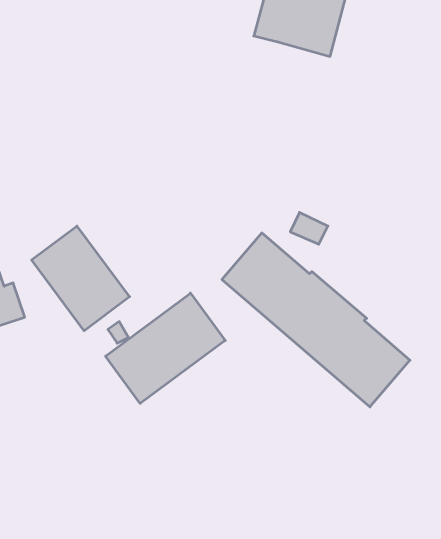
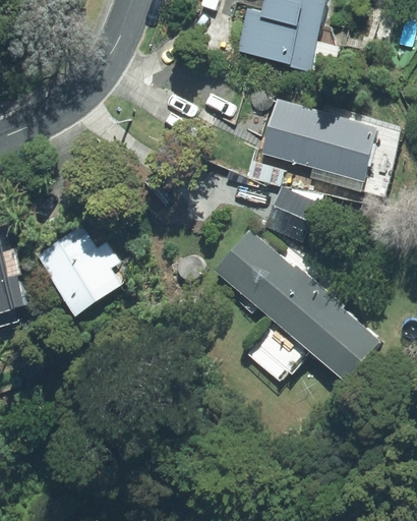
building: none -> [257,96,377,181]
building: [106,293,225,403] -> none

